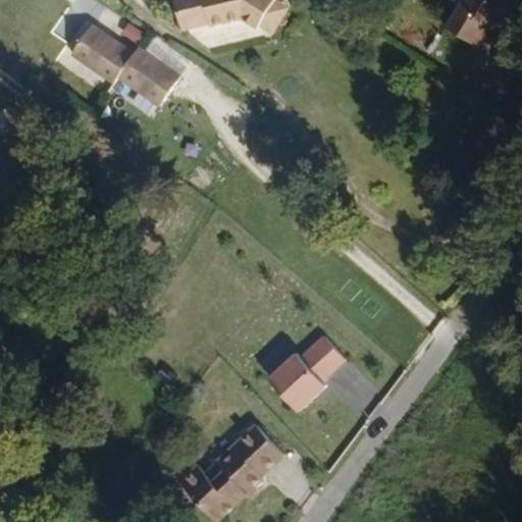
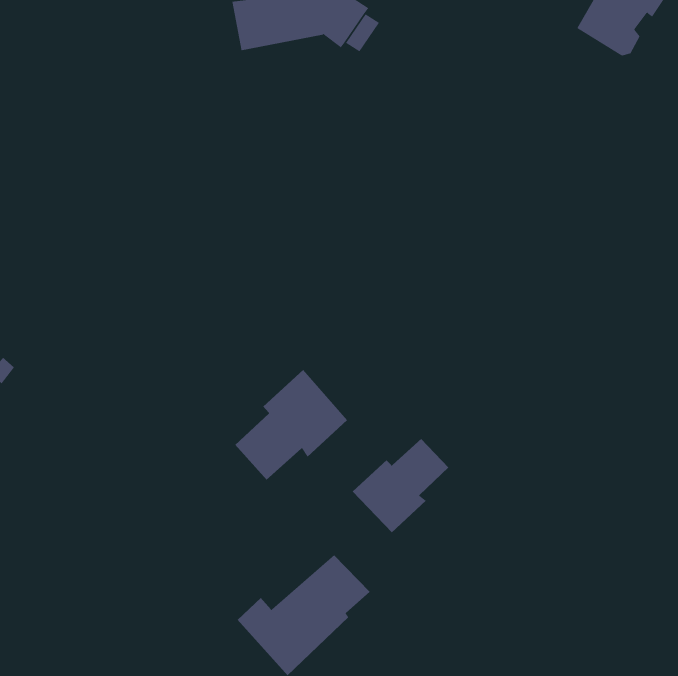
building: [70,25,179,107] -> none
building: none -> [235,369,348,480]

